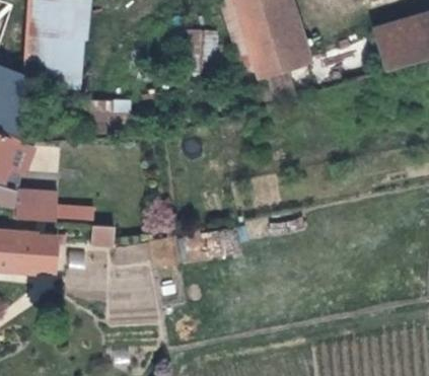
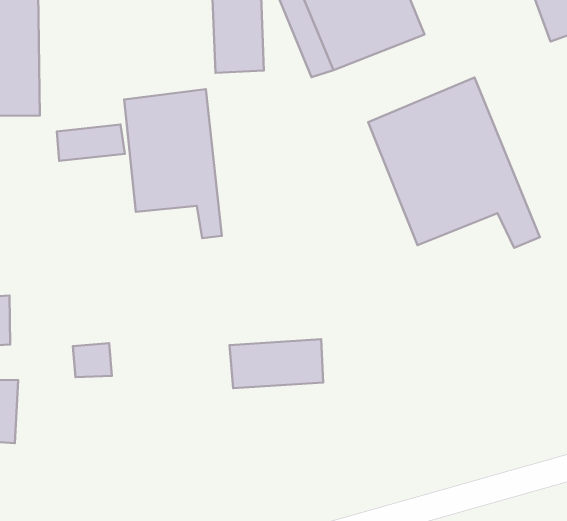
building: none -> [124,89,222,238]
building: none -> [368,77,540,248]

